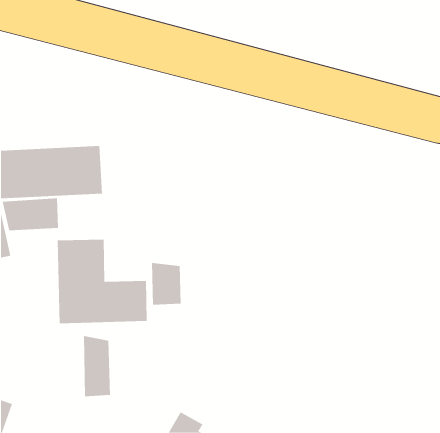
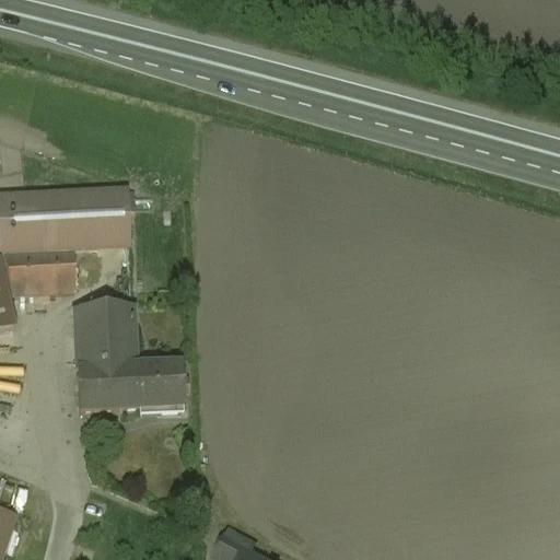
building: [152,262,181,306] -> none
building: [83,335,110,397] -> none

